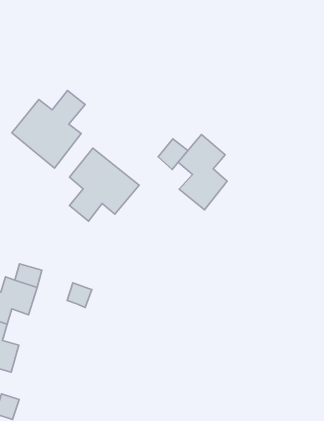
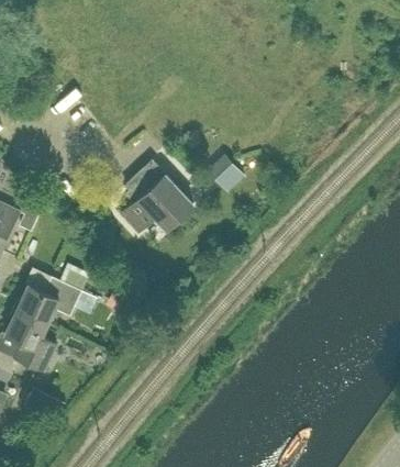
building: [12,90,85,168] -> none
building: [178,134,227,210] -> none

